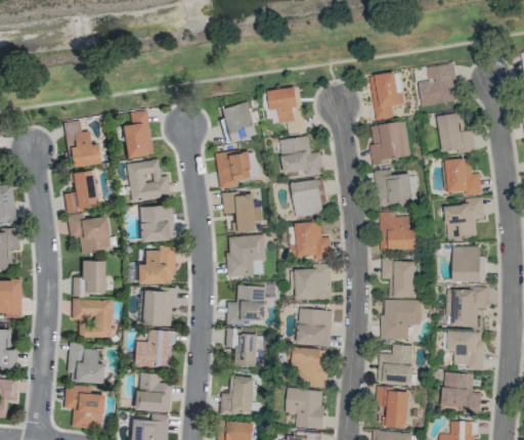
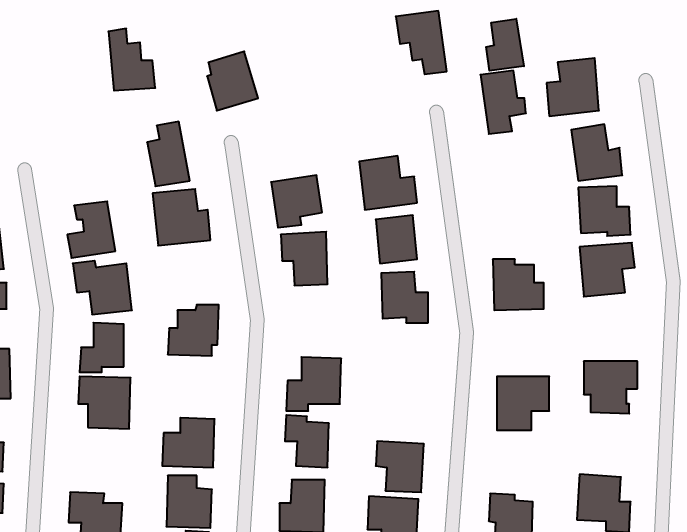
building: none -> [486,19,524,71]
building: [267,87,305,134] -> [396,11,447,74]
building: [220,101,258,145] -> [207,51,258,111]
building: [66,121,100,167] -> [108,29,155,91]
building: [368,122,409,166] -> none
building: [376,170,412,206] -> none
building: [139,206,173,241] -> none
building: [225,235,265,277] -> none
building: [452,247,485,282] -> none
building: [382,260,414,299] -> none
building: [295,264,332,300] -> none
building: [141,289,176,326] -> none
building: [297,309,332,346] -> none
building: [447,332,483,370] -> none
building: [67,343,103,384] -> none
building: [378,345,412,385] -> none

